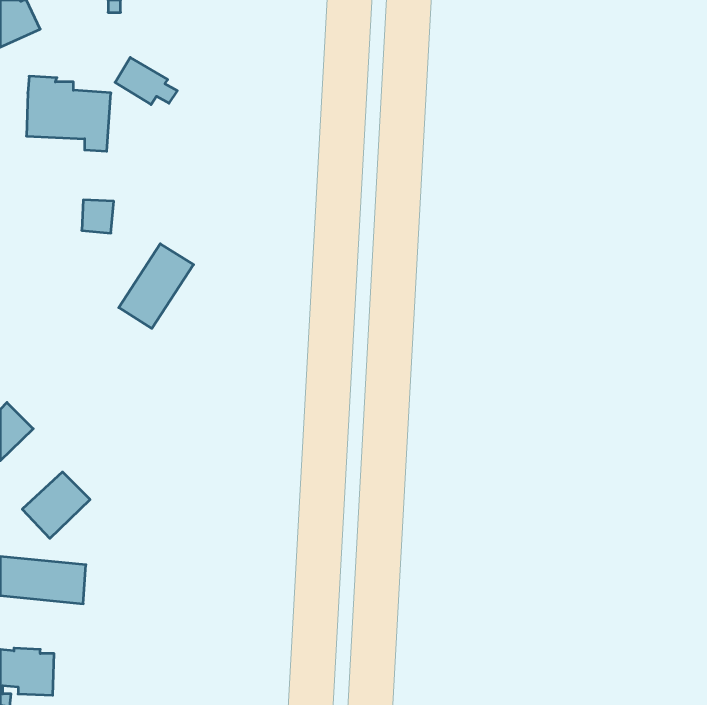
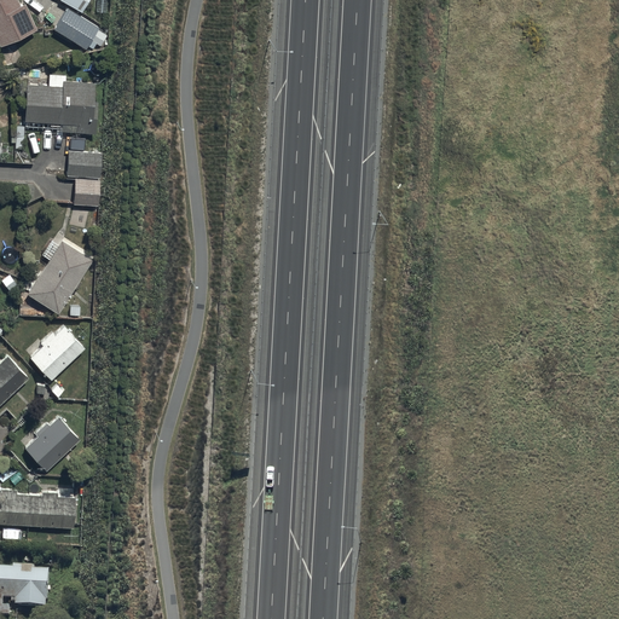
building: [115,57,177,105] -> [53,8,108,50]
building: none -> [65,150,103,179]
building: [119,244,194,328] -> [25,238,91,312]
building: none -> [29,325,85,381]

